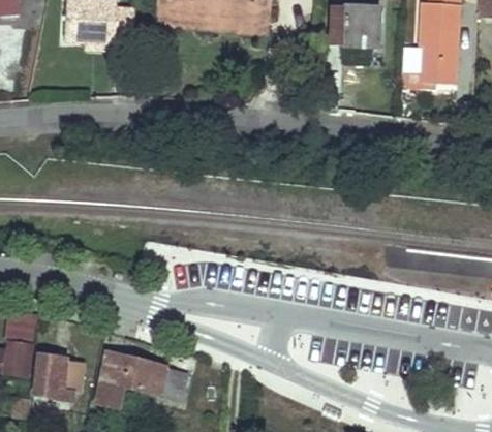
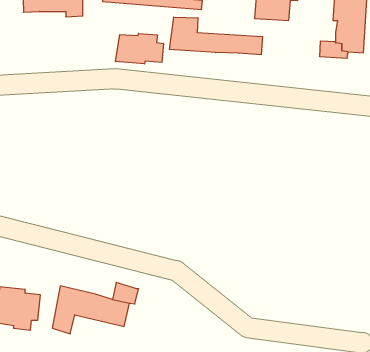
building: none -> [170,17,262,55]
building: none -> [116,33,163,64]

